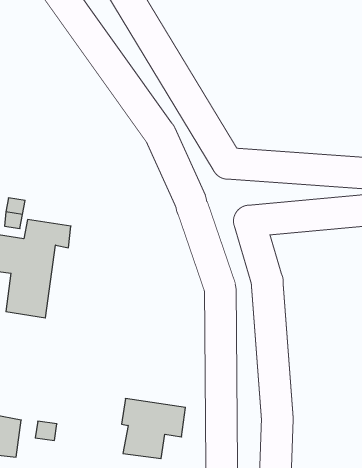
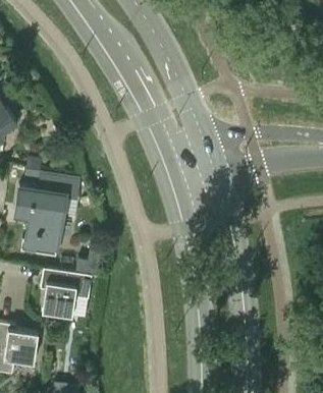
building: [122,399,185,459] -> [40,271,91,319]

